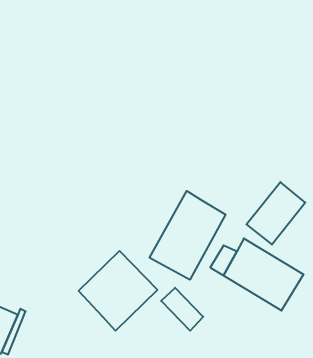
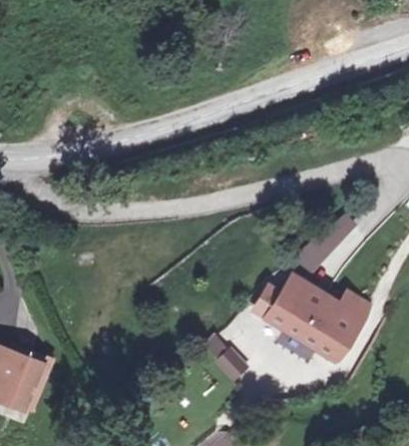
building: [150,191,226,280] -> none
building: [79,251,157,331] -> none

